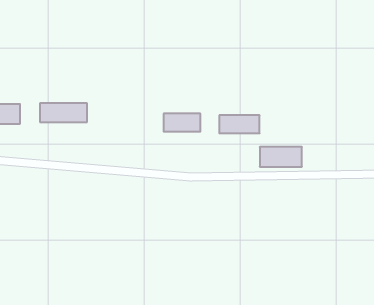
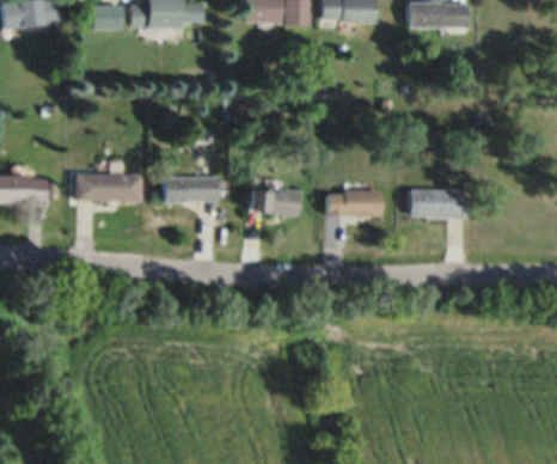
building: none -> [163,177,220,203]
building: [260,147,302,167] -> [409,190,467,218]

